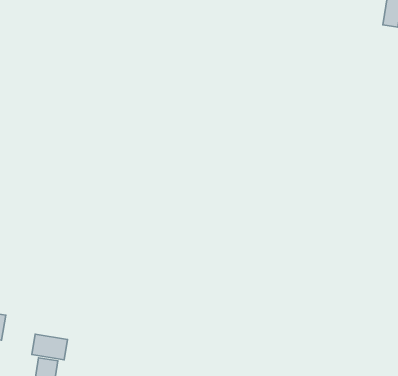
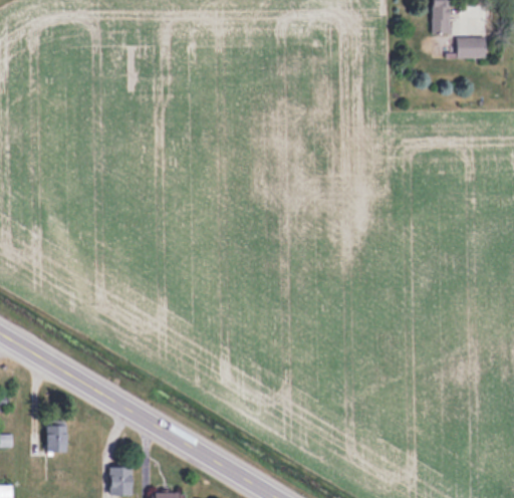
building: [32,334,68,360] -> none

